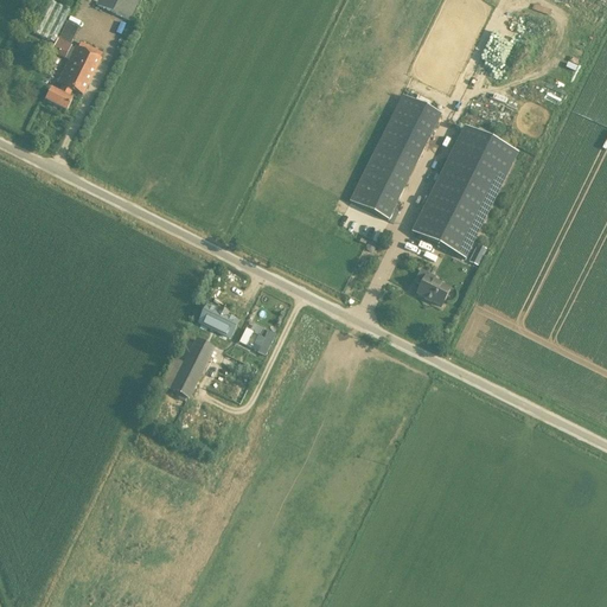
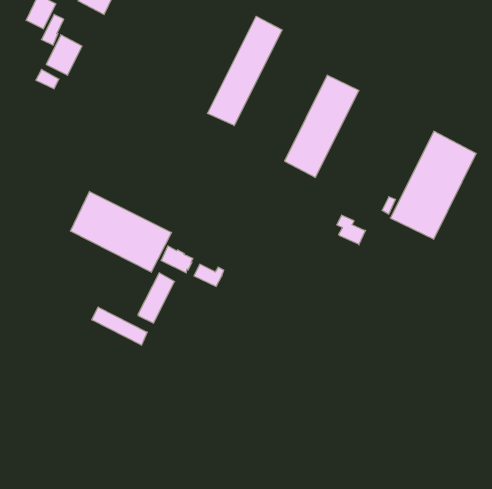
building: none -> [207,16,282,126]
building: [413,123,518,256] -> [390,131,476,239]
building: none -> [70,191,172,272]
building: none -> [92,307,147,345]

